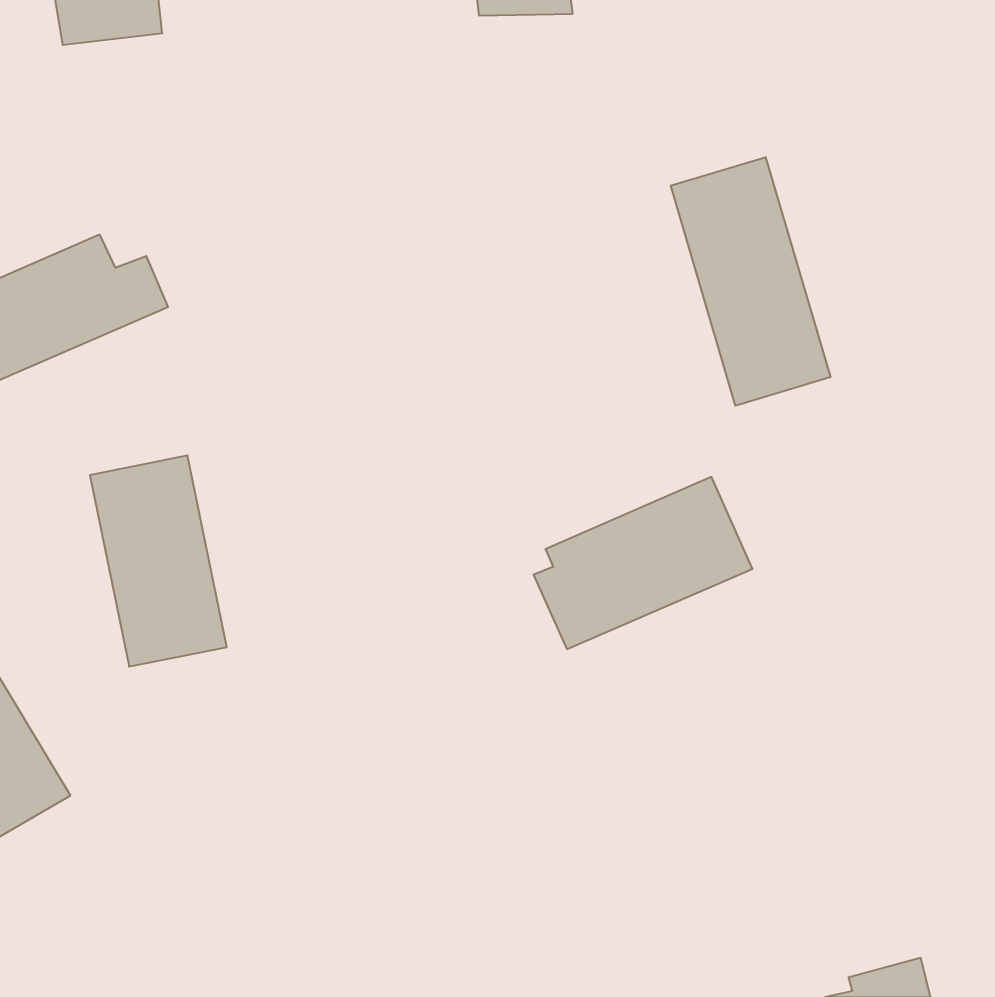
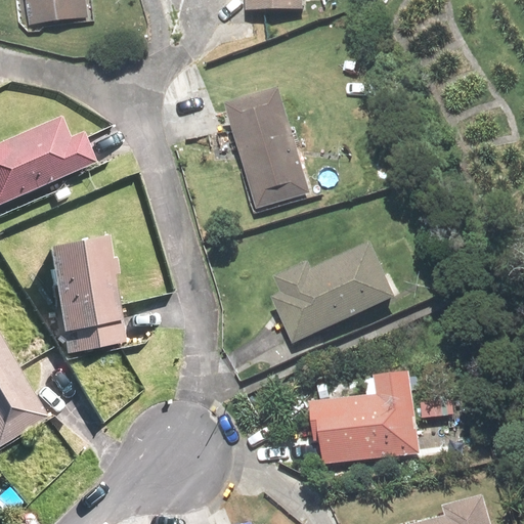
building: [671,157,830,406] -> none
building: none -> [230,95,306,206]
building: none -> [314,377,416,460]

